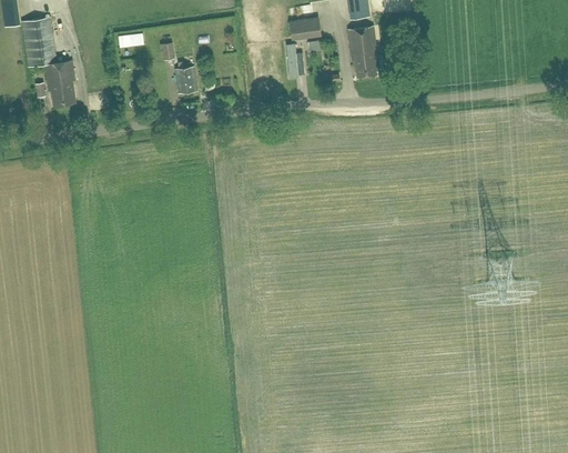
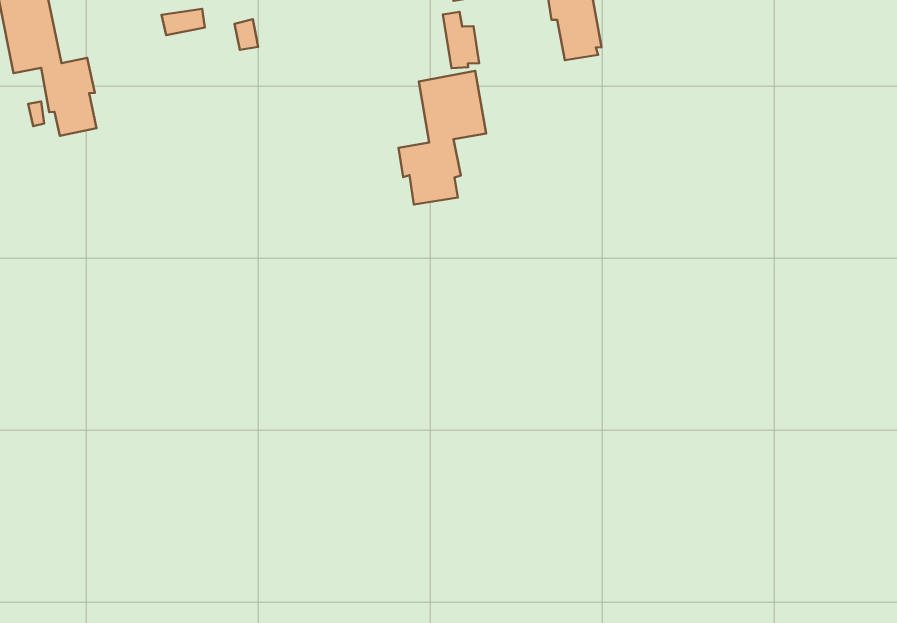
building: [174,66,196,93] -> none
building: none -> [398,71,486,205]

